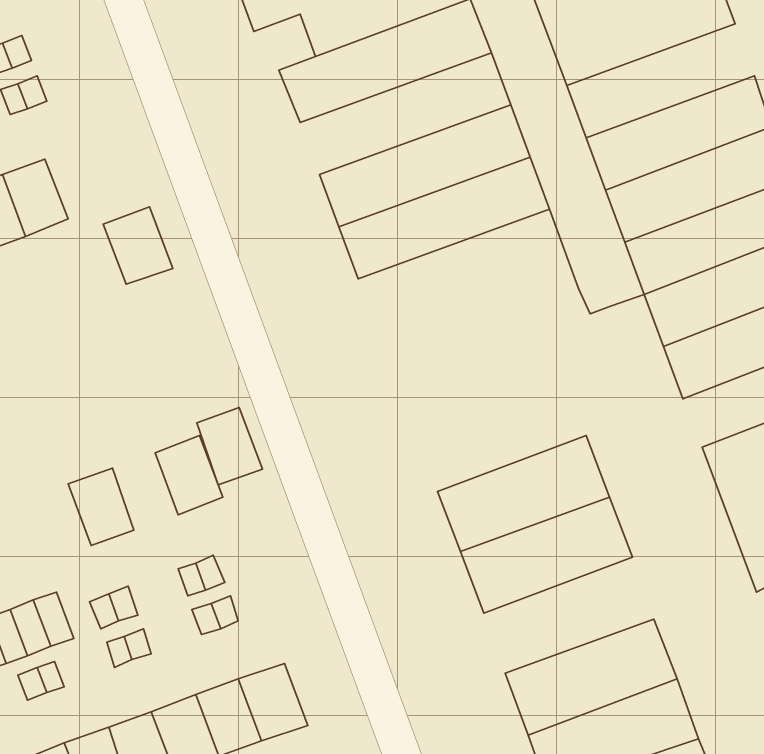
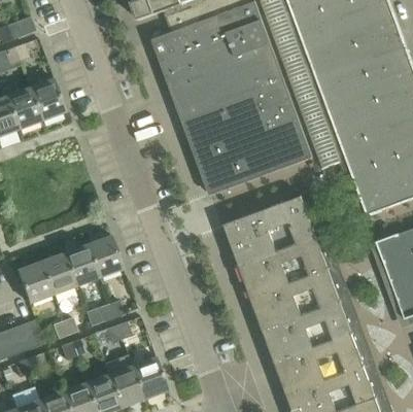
building: none -> [306,16,406,77]
building: none -> [164,32,276,97]
building: [103,207,173,284] -> [28,79,65,121]
building: none -> [195,115,312,196]
building: none -> [222,197,316,266]
building: [197,407,263,485] -> [64,245,99,286]
building: none -> [16,262,53,304]
building: none -> [262,301,352,363]

